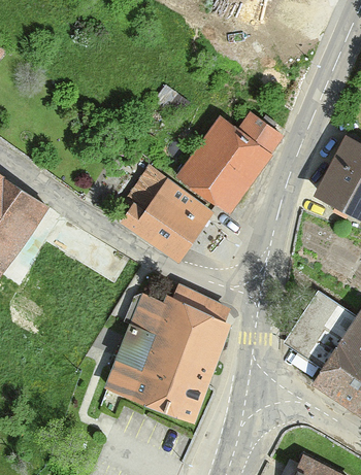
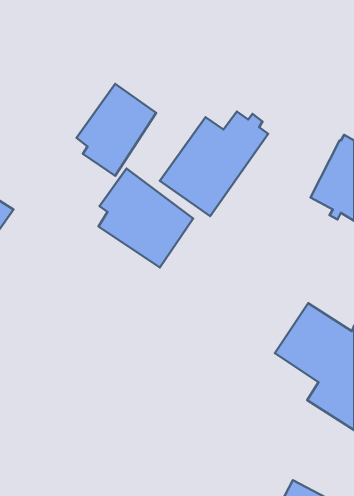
building: none -> [76,84,156,176]
building: [108,284,226,418] -> none

